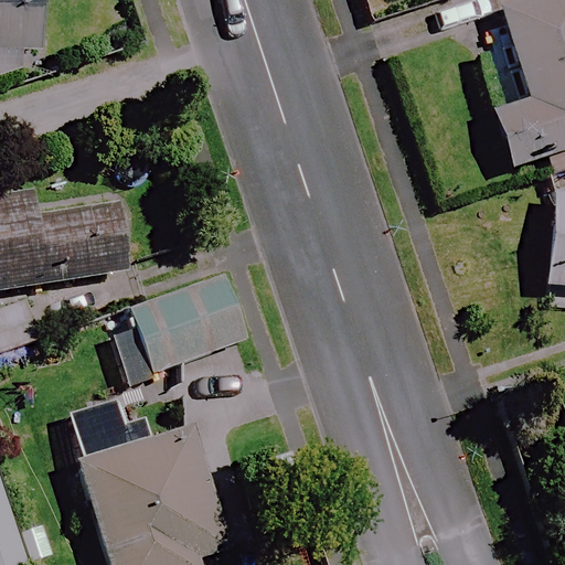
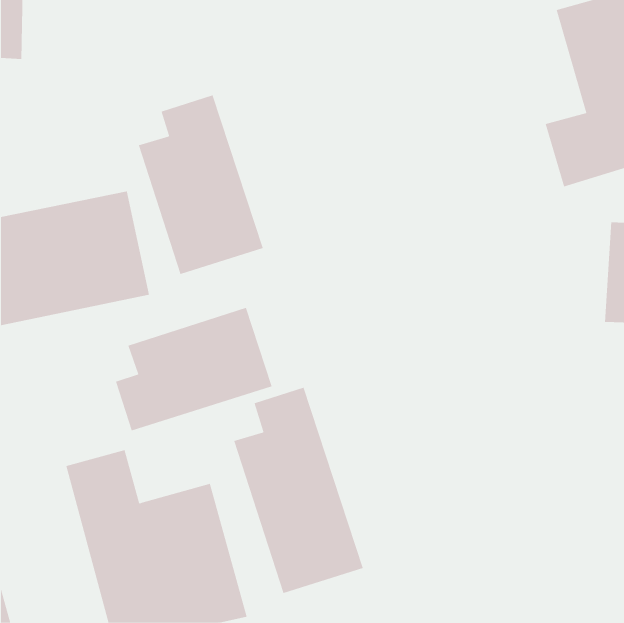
building: none -> [138,94,264,275]
building: none -> [234,387,363,594]

